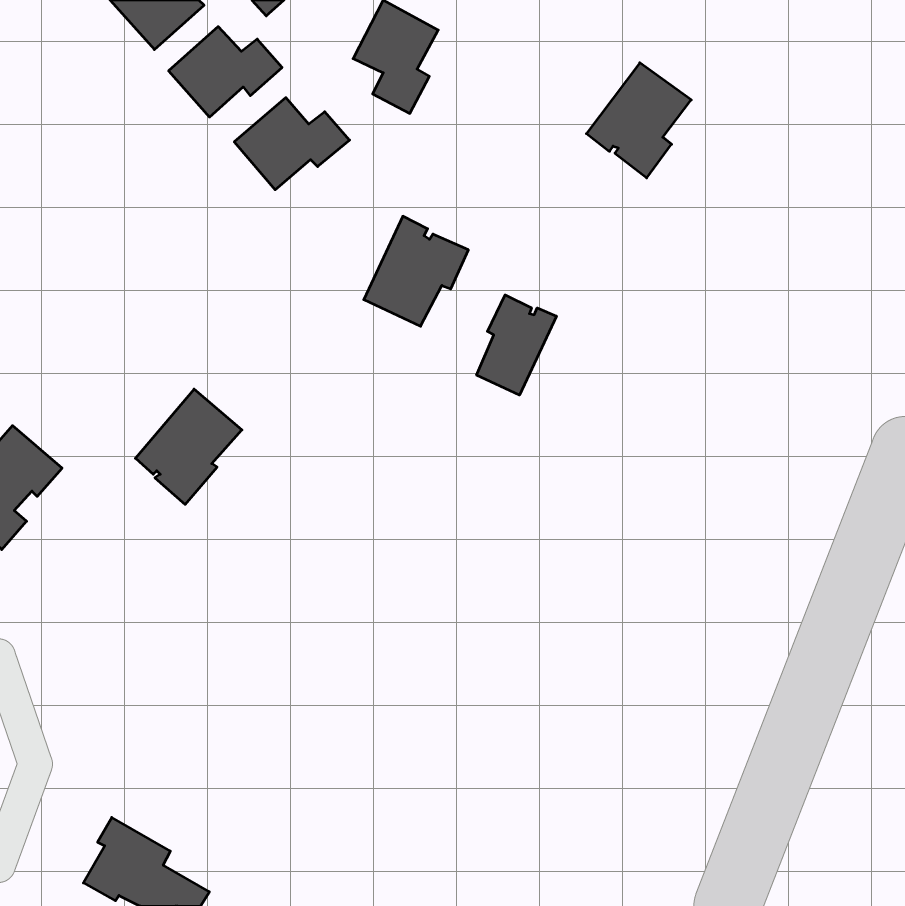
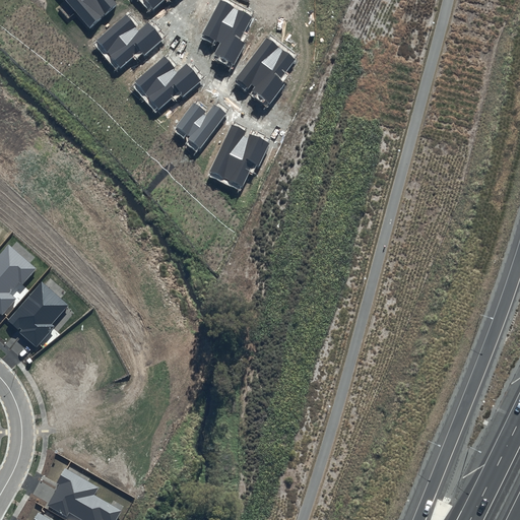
building: [586,63,691,178] -> [235,38,295,104]
building: none -> [176,103,225,148]
building: [477,295,556,395] -> none
building: [135,389,242,504] -> [7,281,68,347]

